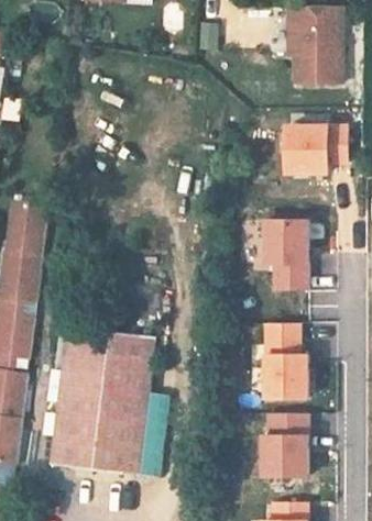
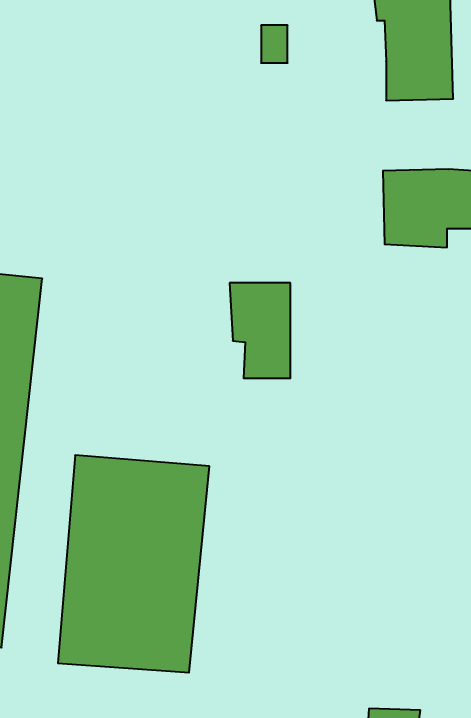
building: [265,222,308,289] -> [230,283,290,378]
building: [262,322,309,401] -> none
building: [263,411,308,476] -> none

